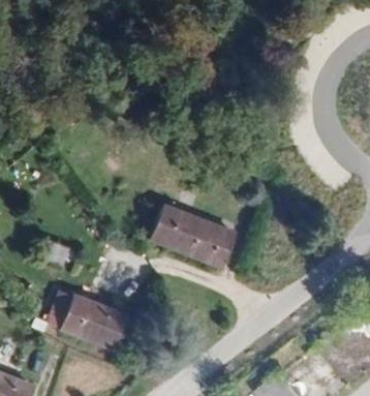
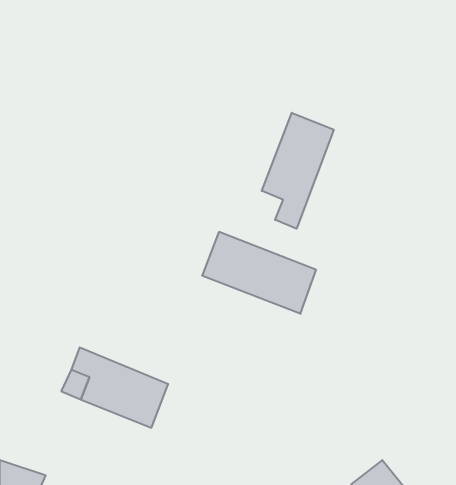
building: none -> [262,113,334,229]

